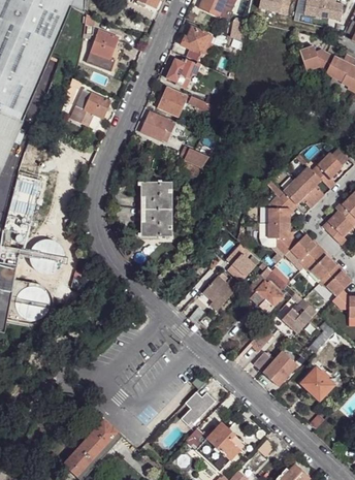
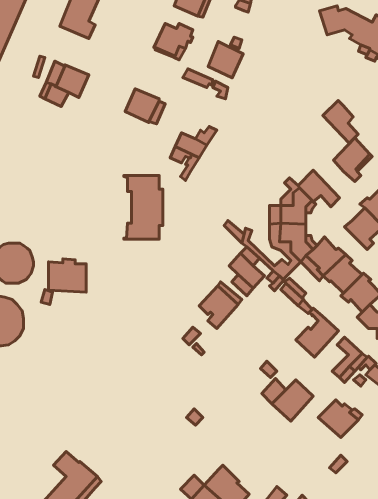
building: [158,87,187,117] -> [208,41,243,78]
building: [295,167,324,202] -> [323,100,358,143]
building: none -> [48,259,86,292]
building: [252,282,281,311] -> none
building: [181,391,216,427] -> none

